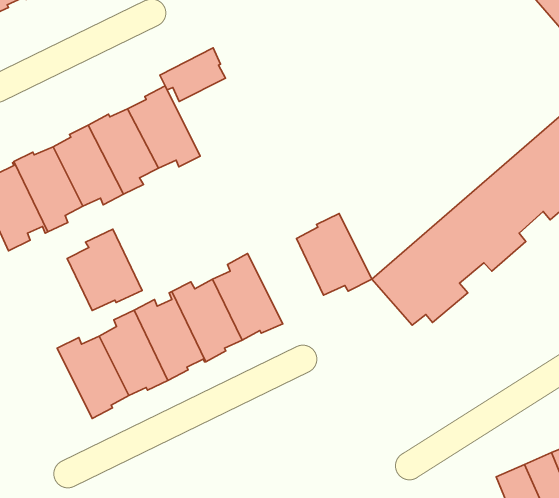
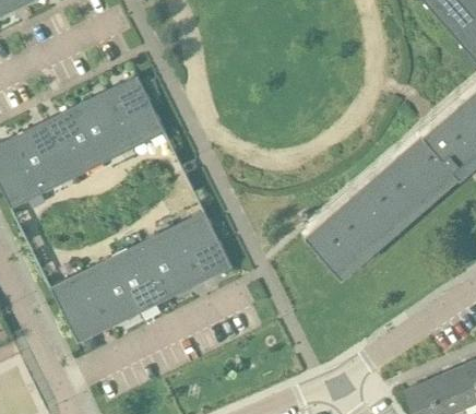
building: [160,48,225,102] -> none
building: [296,214,372,295] -> none
building: [67,229,142,311] -> none

